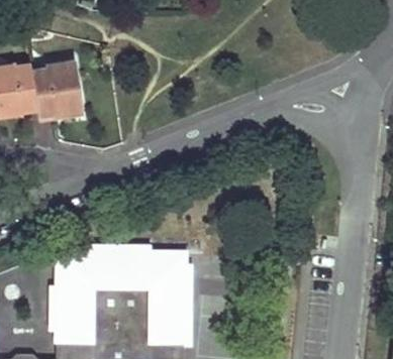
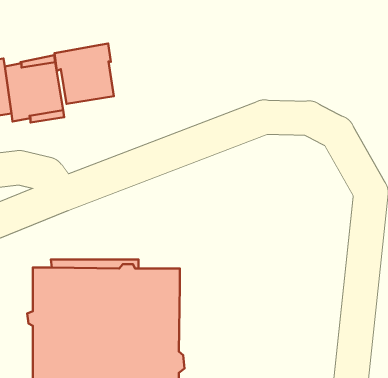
building: none -> [54,43,114,104]

